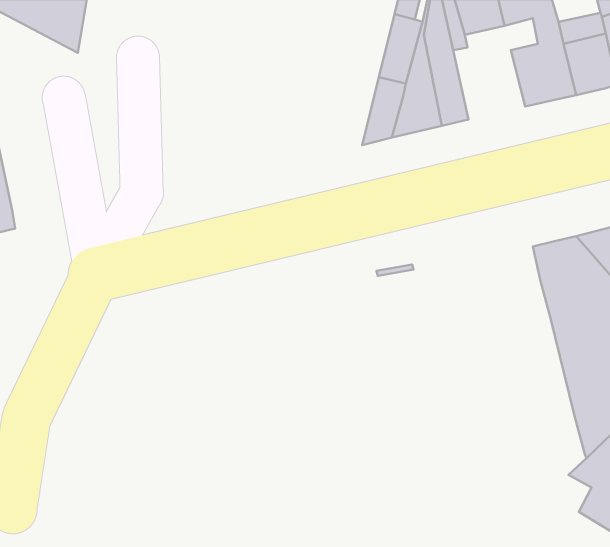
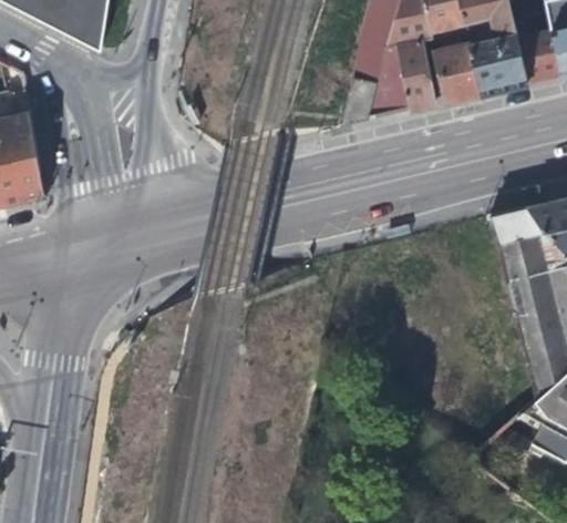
building: none -> [436,37,484,101]

